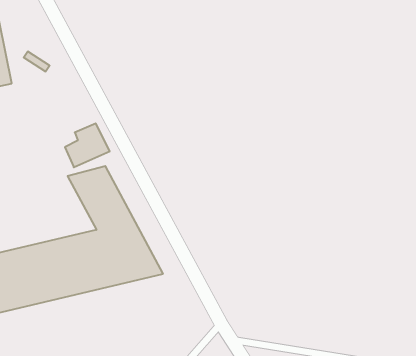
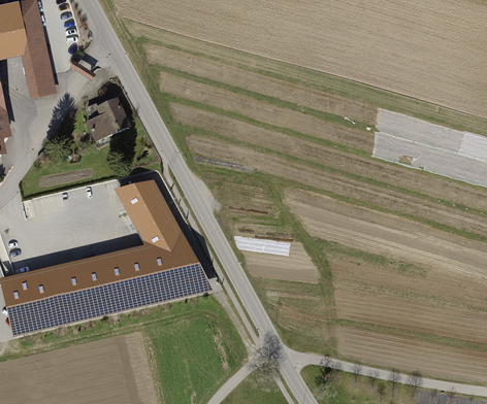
building: [65,123,110,167] -> [85,97,131,142]

